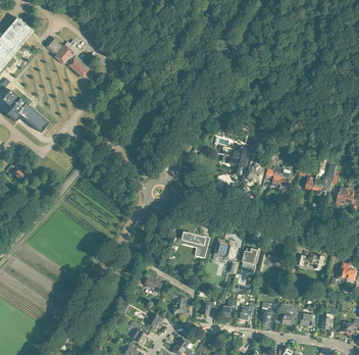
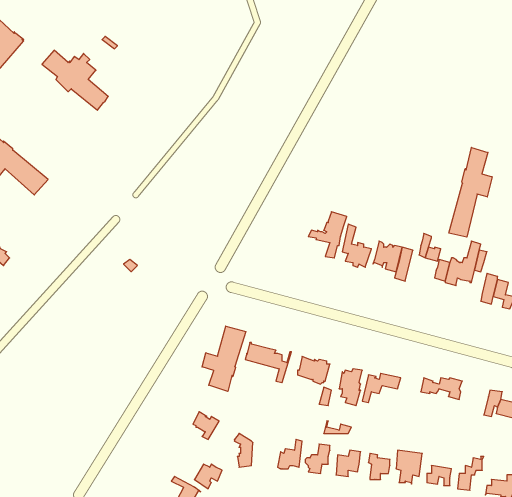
building: none -> [449,147,492,237]
building: none -> [202,326,246,391]

